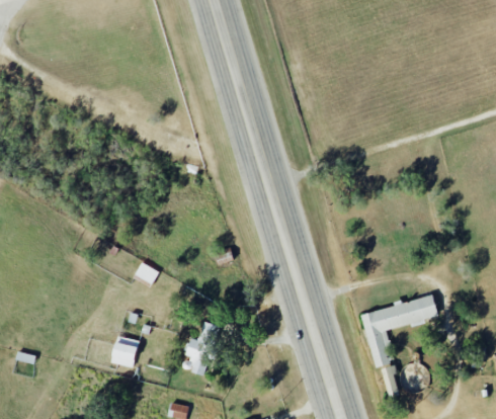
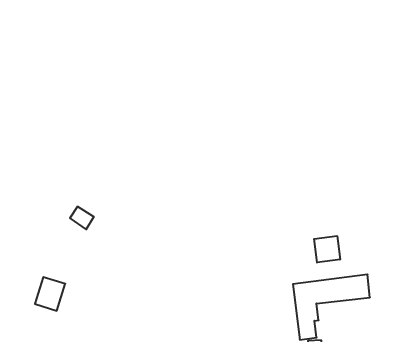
building: none -> [314,236,340,263]
building: [185,321,221,376] -> none

